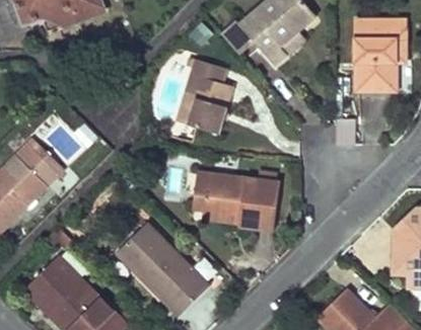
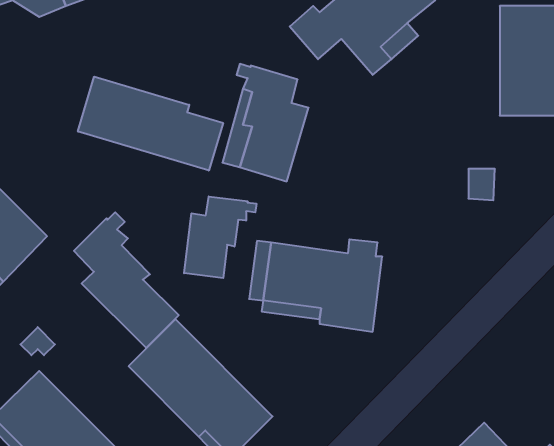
building: none -> [78,77,223,171]
building: none -> [184,196,256,278]
building: none -> [74,212,179,348]

